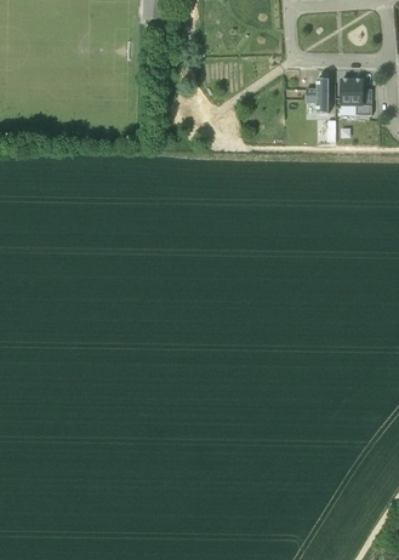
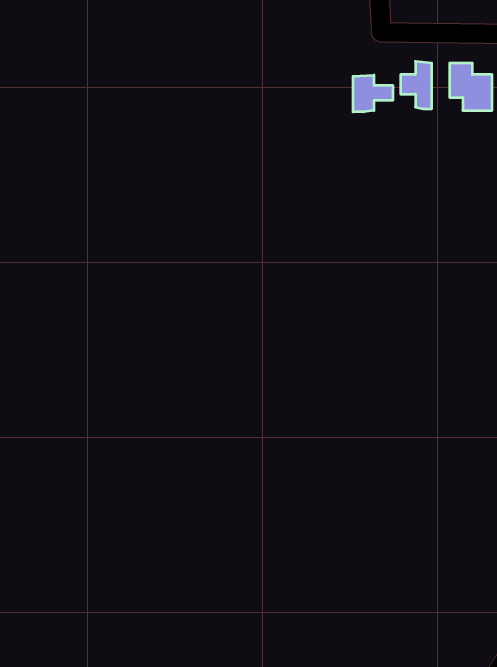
building: none -> [353,75,393,112]

